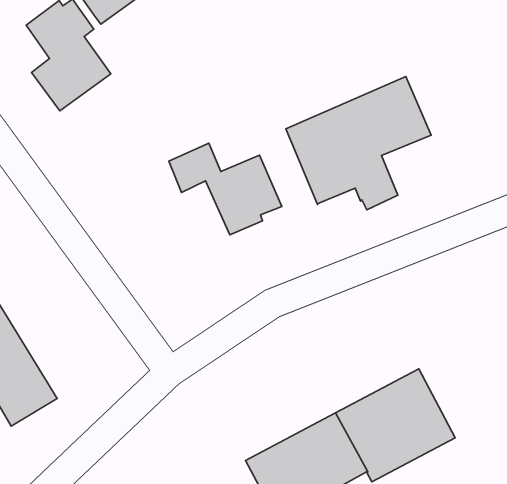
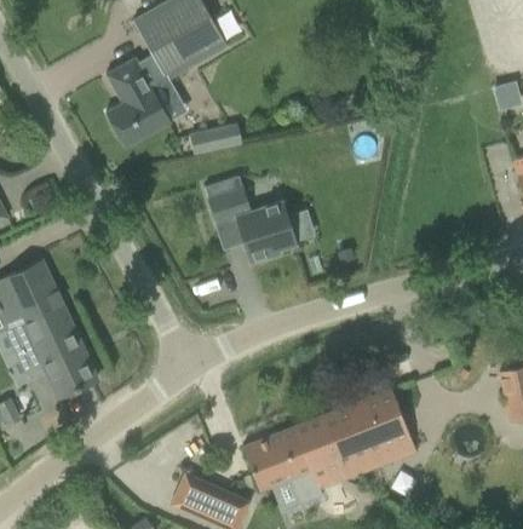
building: none -> [191,123,241,153]
building: [286,76,431,210] -> none

